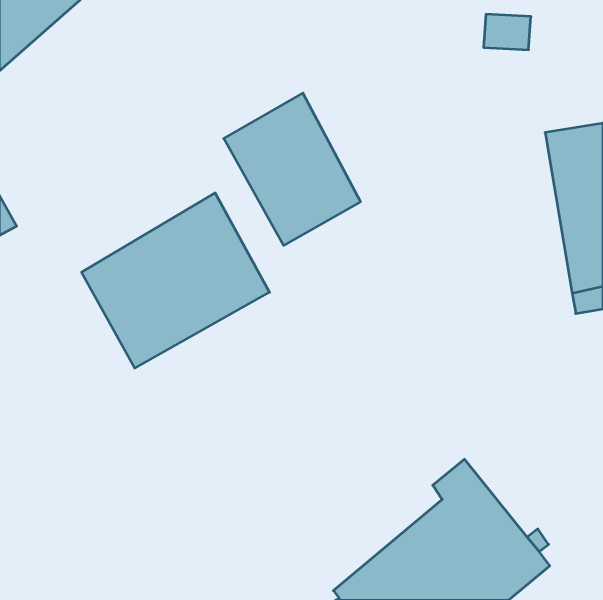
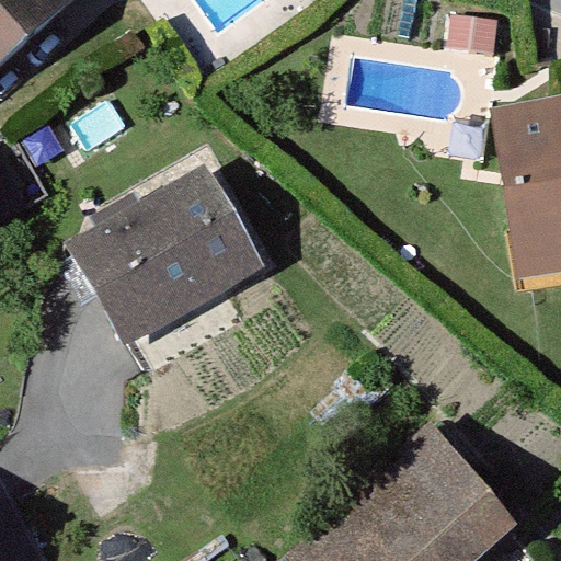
building: [224,93,360,245] -> none

